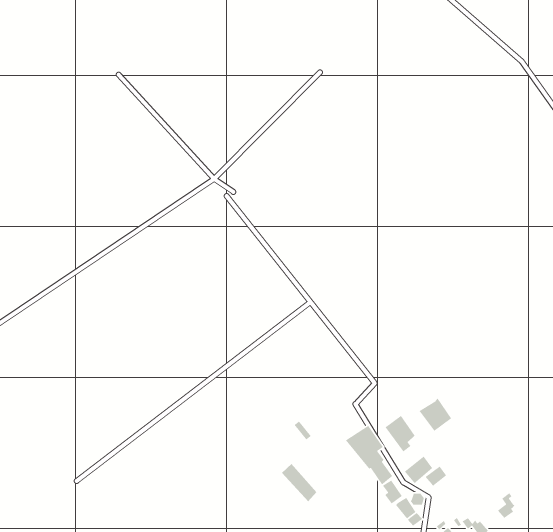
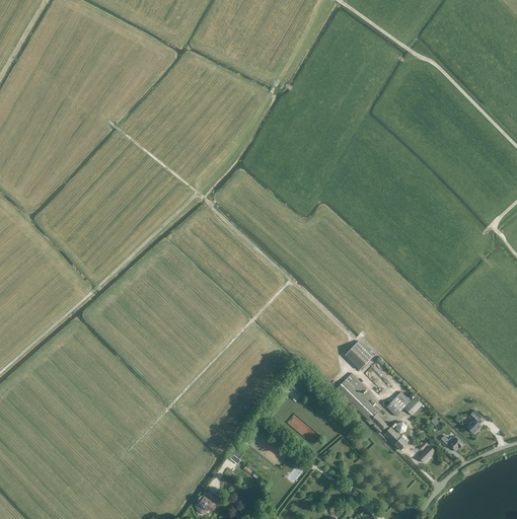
building: [418,397,452,432] -> [346,340,374,368]

